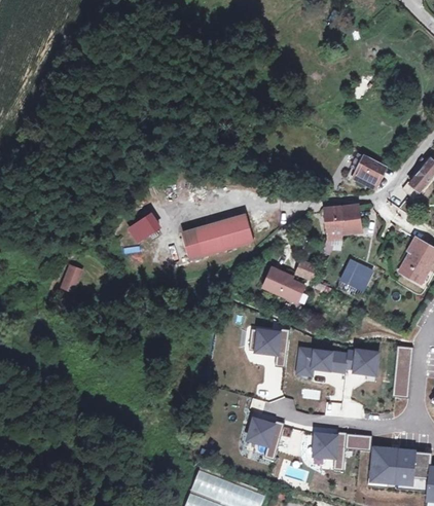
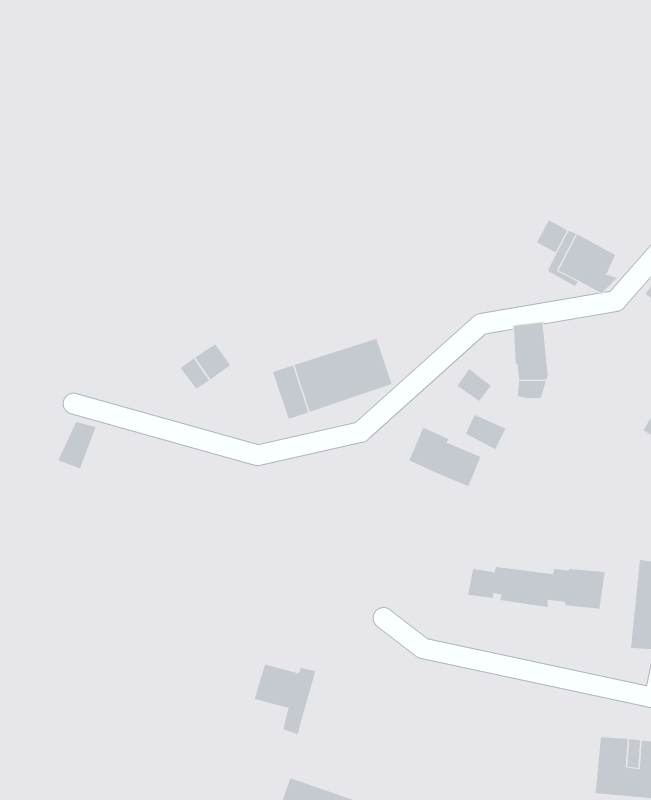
building: [341,205,360,228] -> none
building: [339,261,371,290] -> none
building: [248,328,288,367] -> none
building: [247,419,283,460] -> [254,664,316,735]
building: [313,431,370,470] -> none

